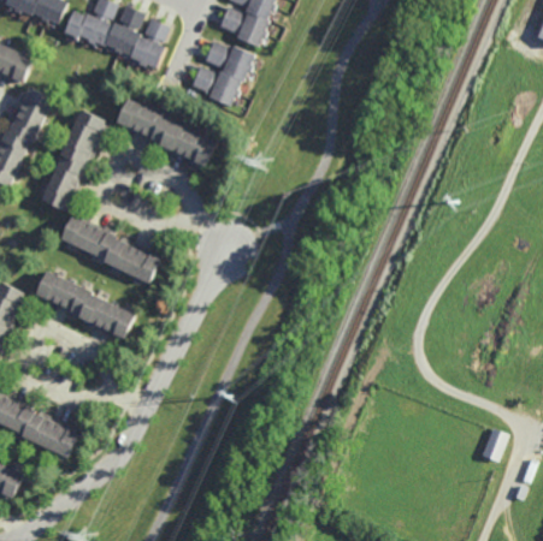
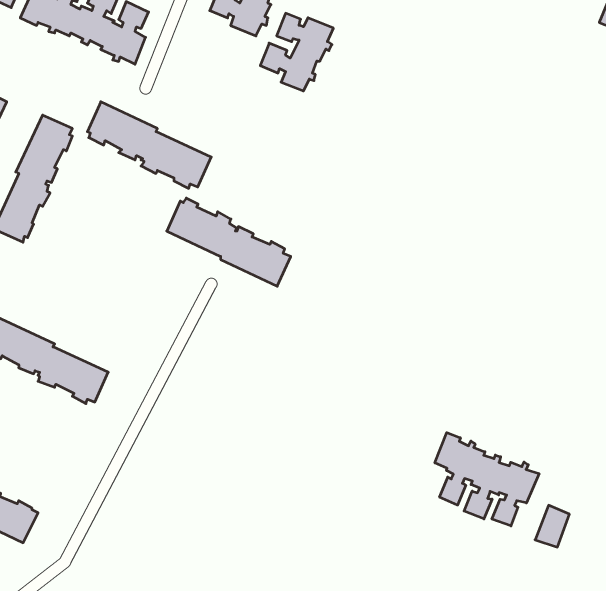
building: [193,43,252,106] -> [260,13,333,91]
building: [63,215,163,286] -> [167,198,291,286]
building: none -> [435,433,539,526]

